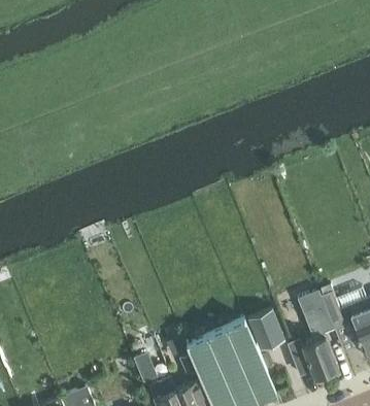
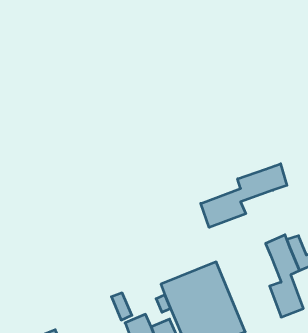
building: none -> [201,164,287,227]
building: [249,310,285,350] -> none

